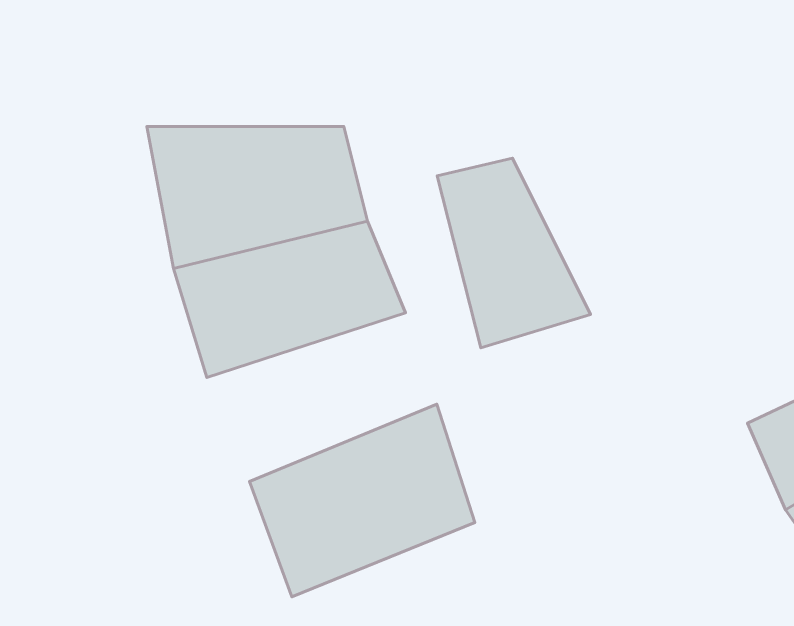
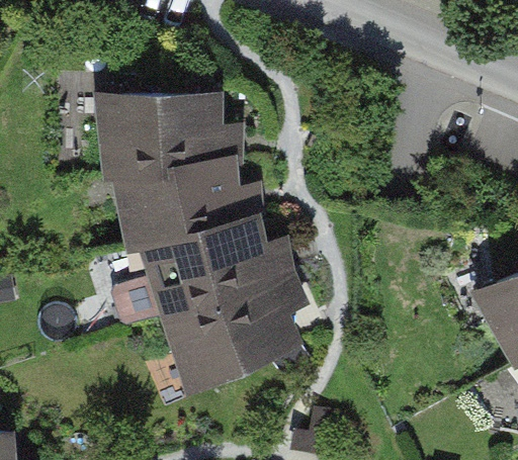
building: [437,158,590,348] -> none
building: none -> [134,214,281,323]

